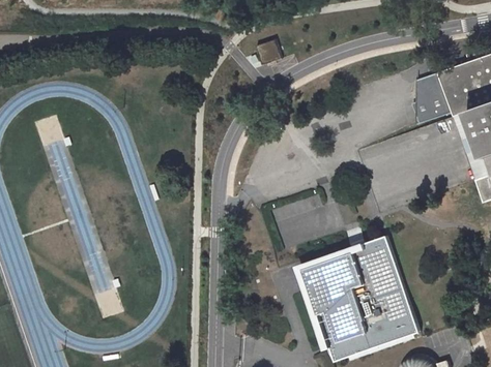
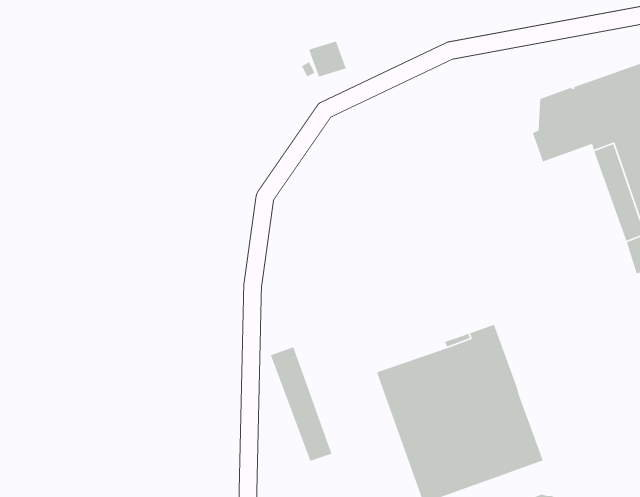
building: none -> [270,346,332,462]

